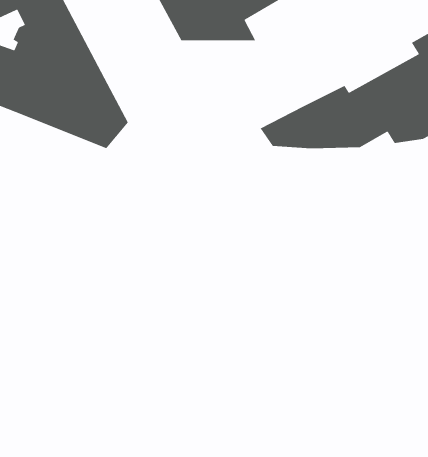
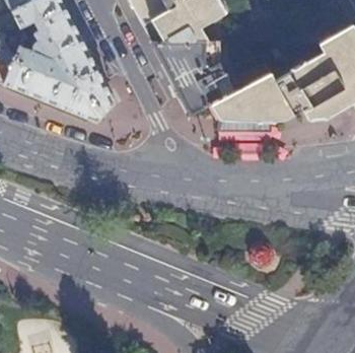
building: none -> [155,44,243,116]

